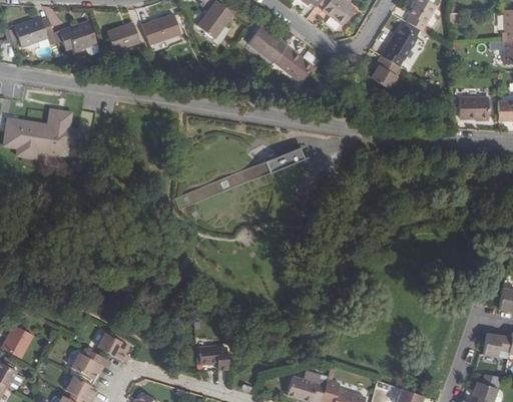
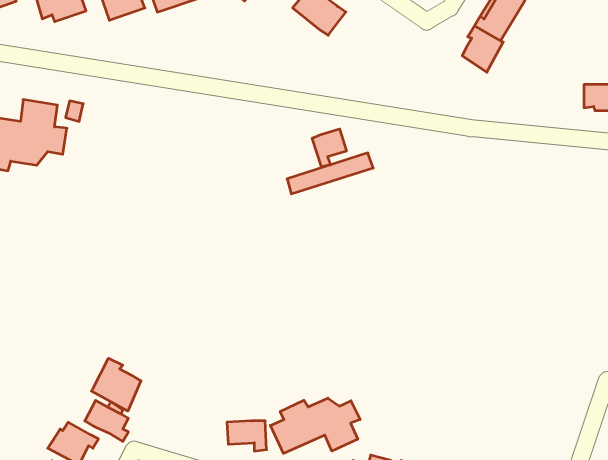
building: [274,45,313,82] -> none
building: none -> [312,129,346,167]
building: none -> [91,358,141,411]
building: none -> [270,398,360,453]

